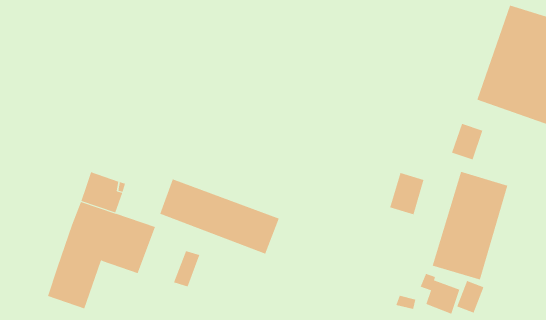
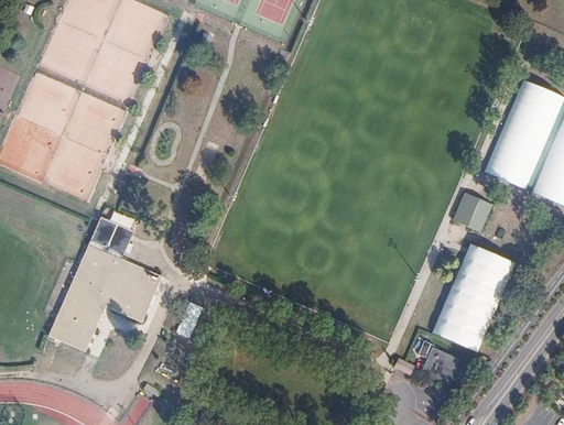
building: [390,172,424,215] -> none
building: [159,179,279,254] -> none
building: [457,280,484,314] -> none

